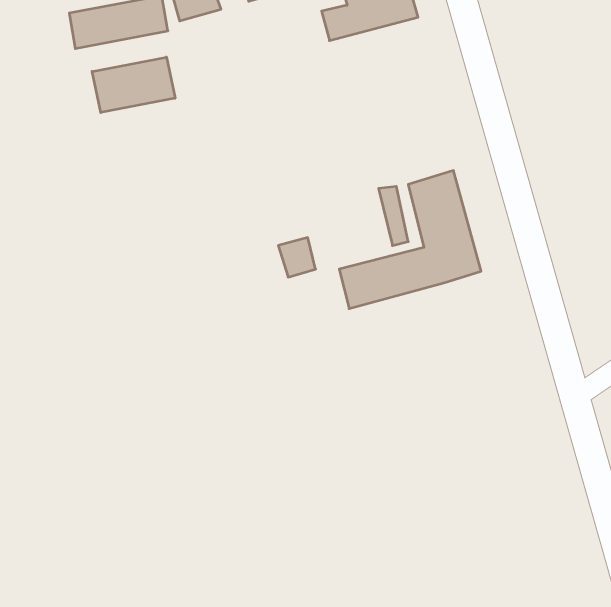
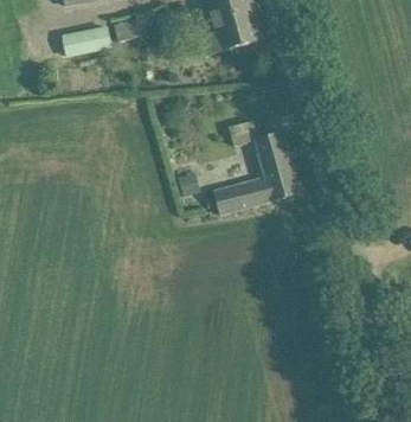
building: [92,57,175,113] -> none

